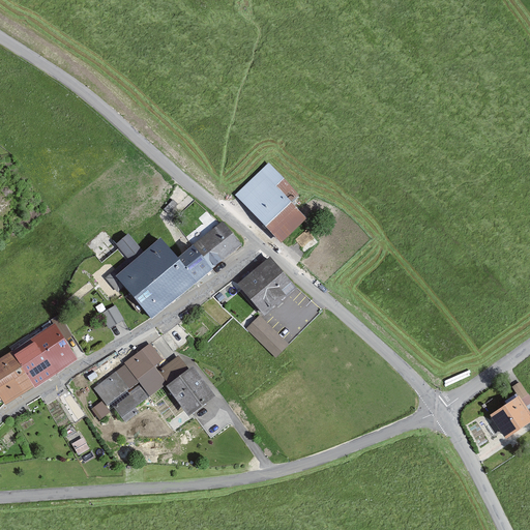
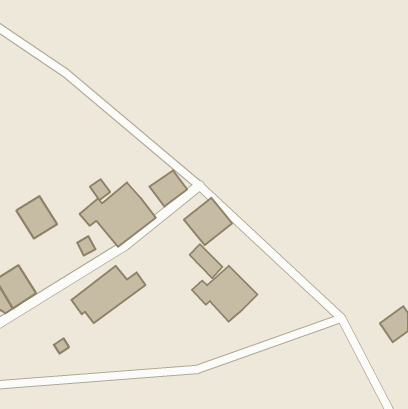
building: [232,161,311,244] -> none
building: [181,244,214,281] -> none
building: [24,323,77,378] -> [16,196,57,239]
building: none -> [192,266,257,322]
building: [168,365,216,416] -> none

